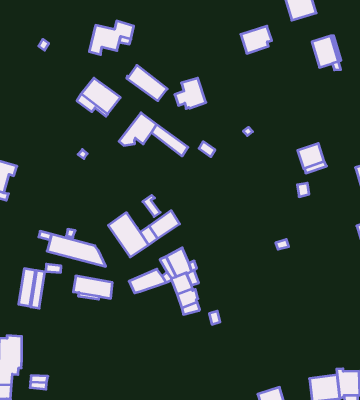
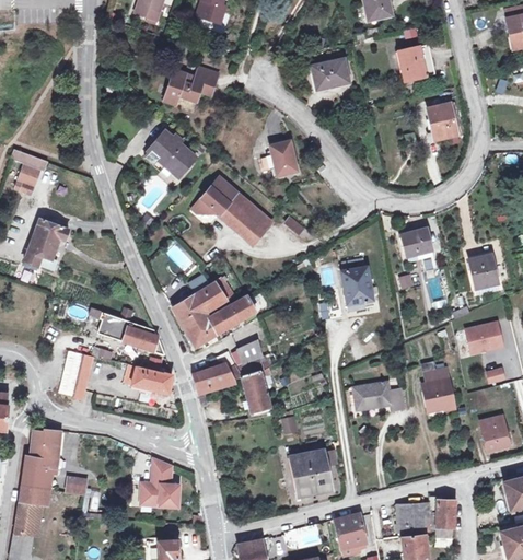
building: [241,26,272,53] -> [312,59,348,90]
building: [127,65,167,101] -> [218,201,265,245]
building: none -> [341,259,373,312]
building: none -> [195,282,226,313]
building: none -> [423,368,455,408]
building: none -> [353,382,404,410]
building: none -> [293,451,333,492]
building: none -> [140,460,177,506]

